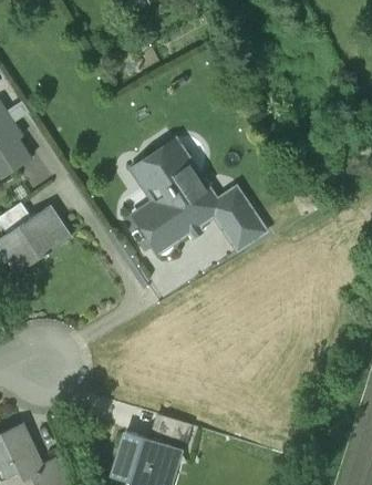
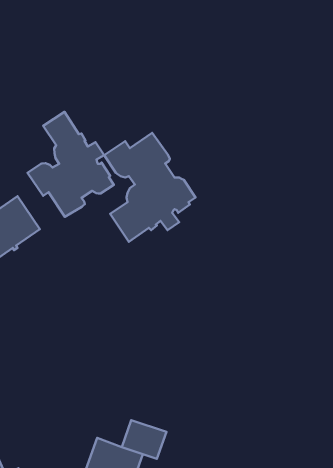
building: none -> [27,112,114,217]
building: [211,193,265,250] -> none

